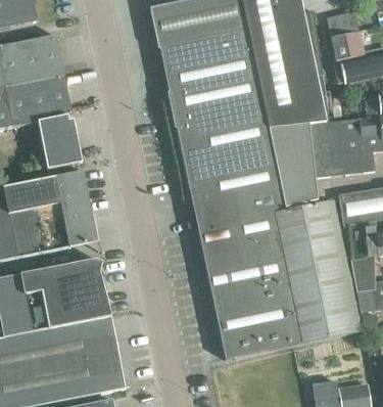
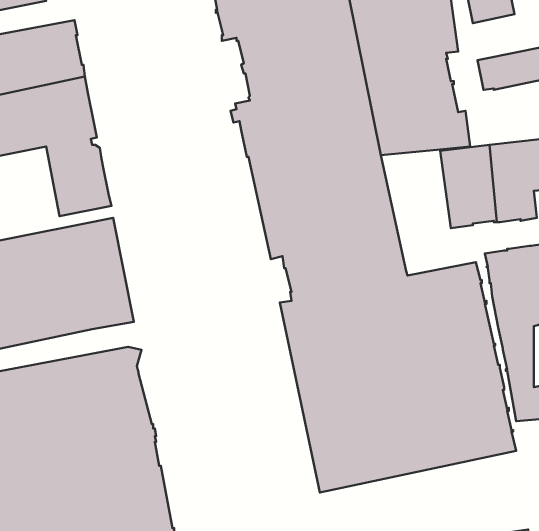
building: [330,31,364,60] -> none
building: [267,123,317,207] -> none

